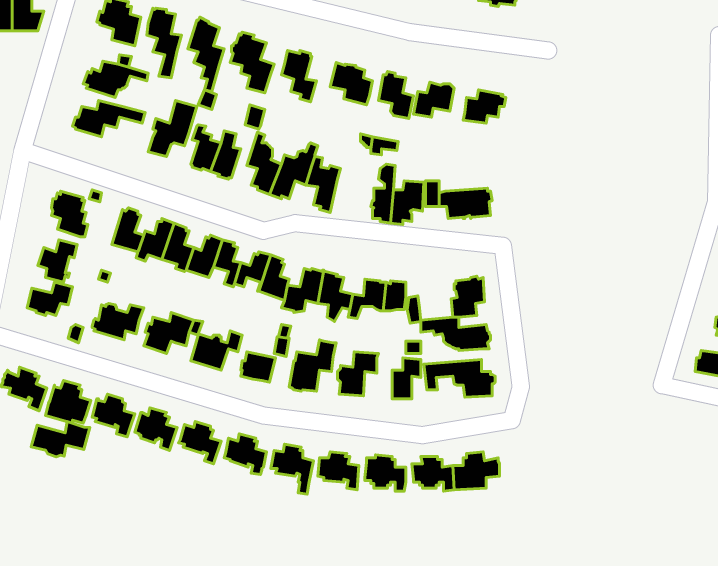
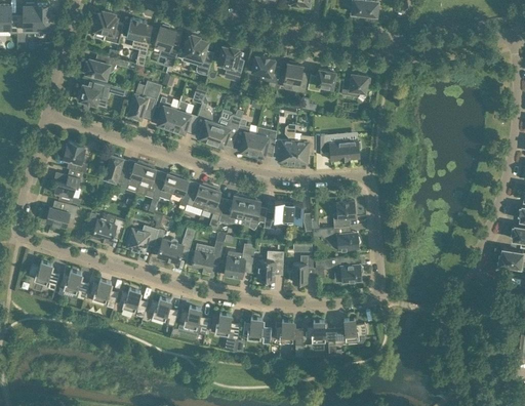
building: none -> [251,126,277,157]
building: [31,422,90,457] -> none

